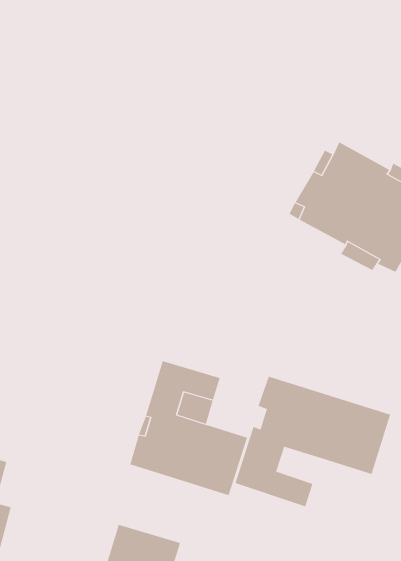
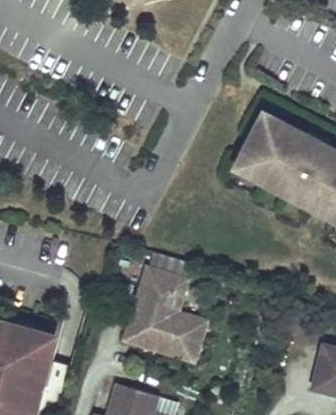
building: [235,376,391,507] -> none

